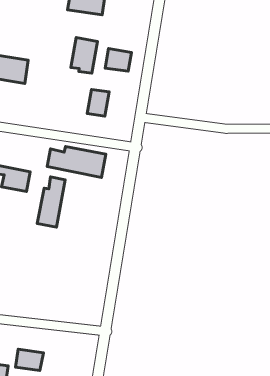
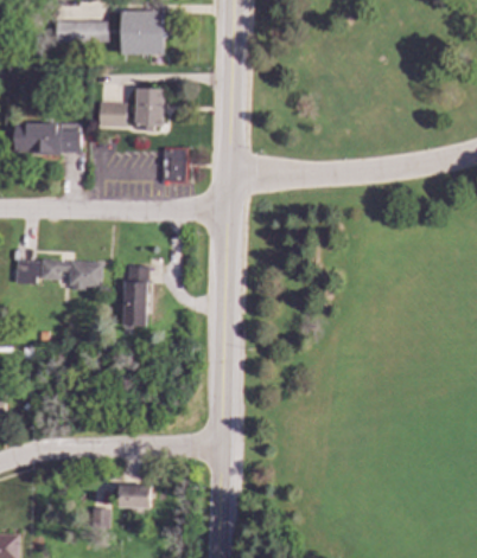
building: none -> [97,101,126,127]
building: [105,48,131,71] -> none
building: [47,147,106,177] -> none

